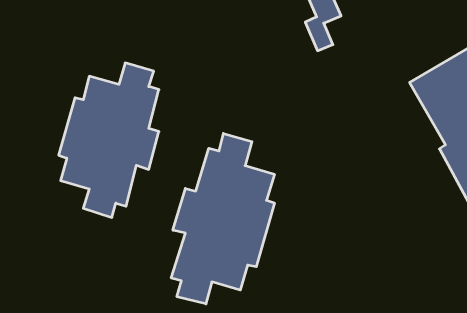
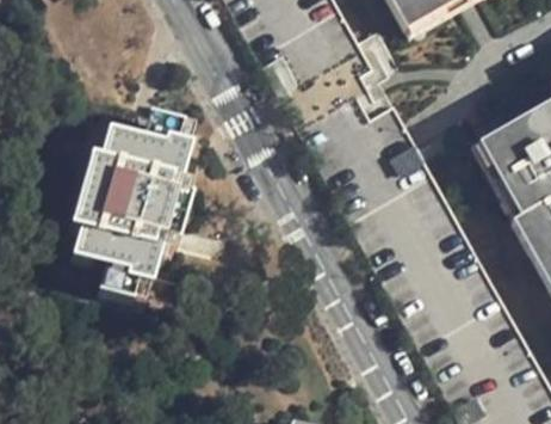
building: [171,133,274,304] -> none

